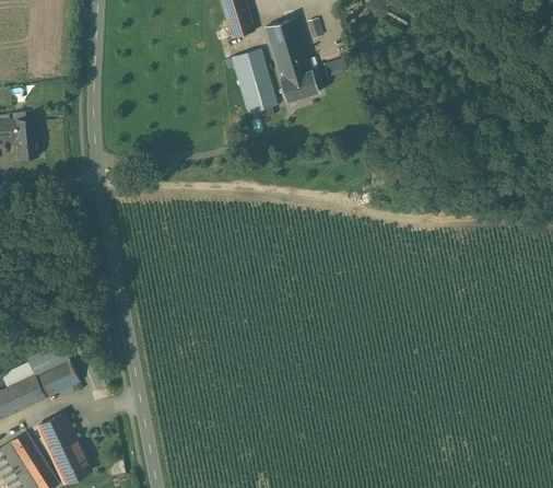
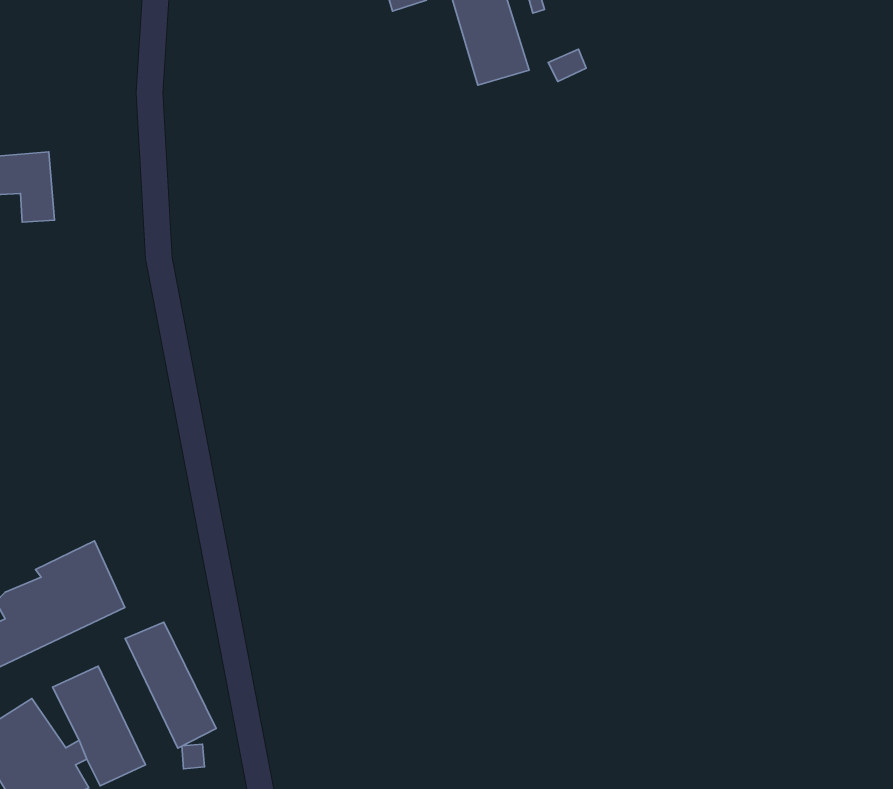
building: [231,49,275,113] -> none
building: [281,70,319,102] -> none
building: none -> [125,622,216,748]

